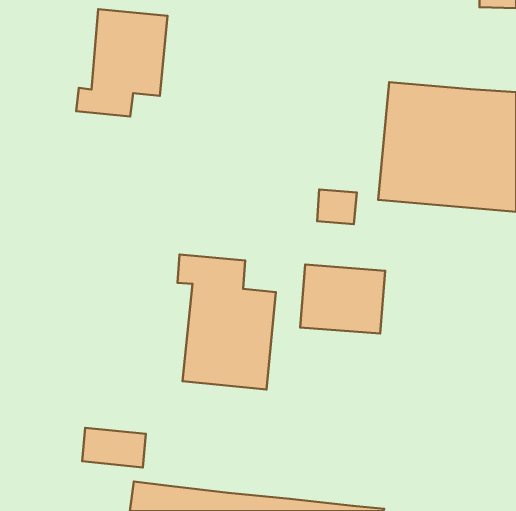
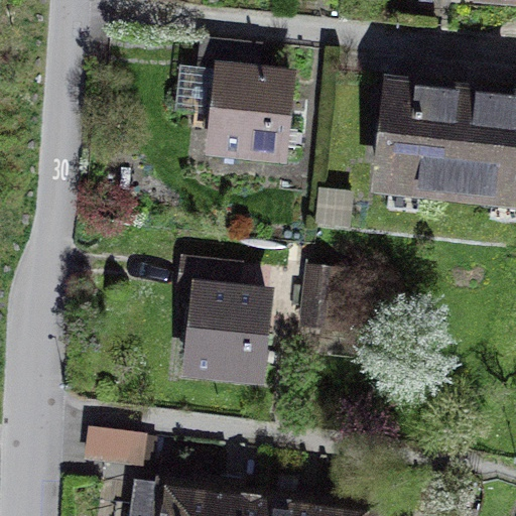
building: [76,9,168,117] -> none
building: none -> [194,32,296,167]

